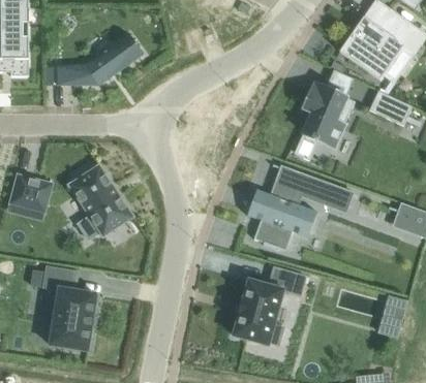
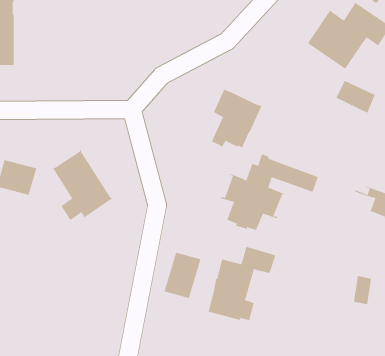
building: [57,34,142,85] -> none
building: [300,83,354,146] -> [211,89,262,148]
building: [40,266,95,351] -> none
building: none -> [164,252,201,299]

